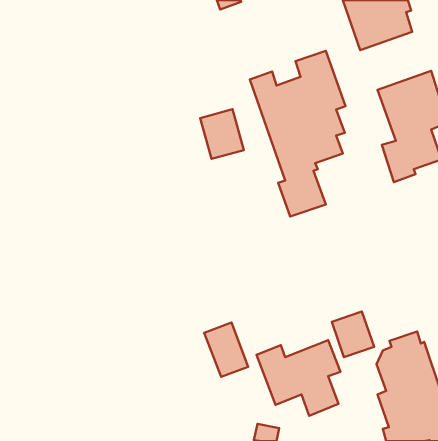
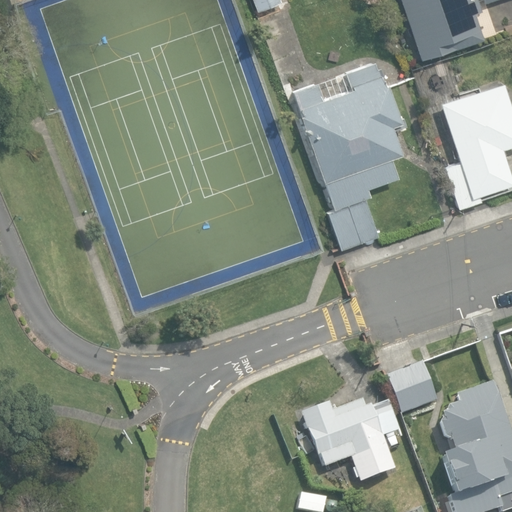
building: [200,109,244,159] -> none
building: [204,323,248,377] -> none

